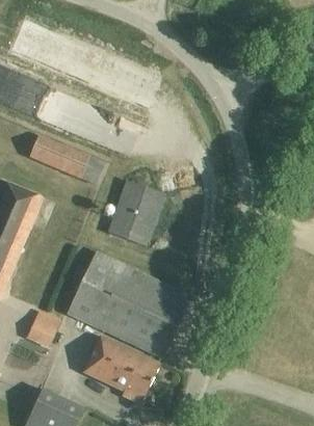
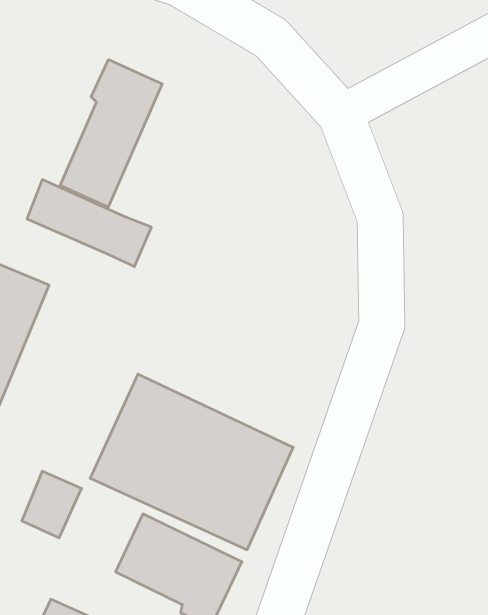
building: none -> [60,60,162,207]
building: [107,179,165,245] -> none

